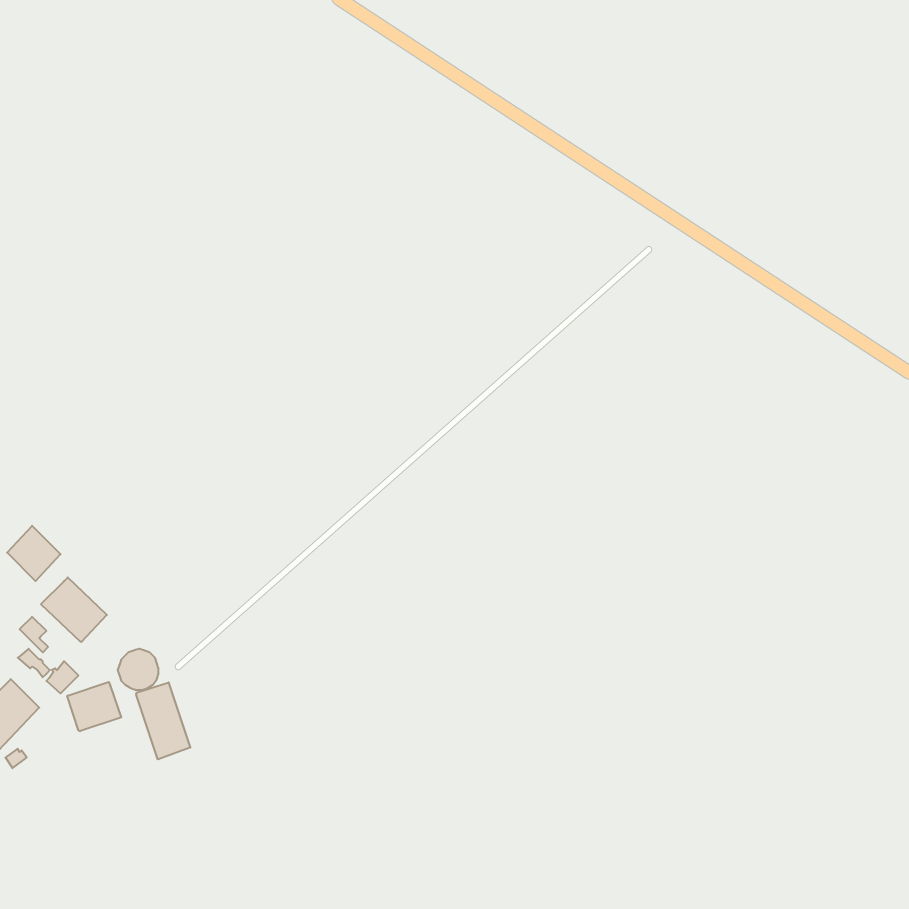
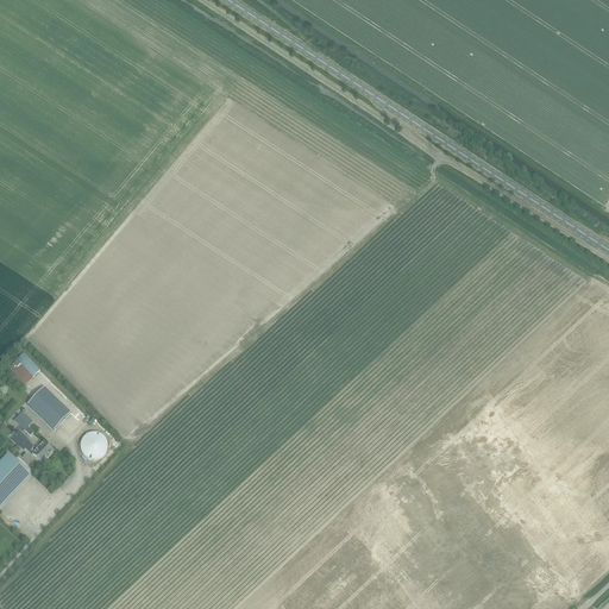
building: [67,682,121,731] -> none
building: [136,682,190,759] -> none

